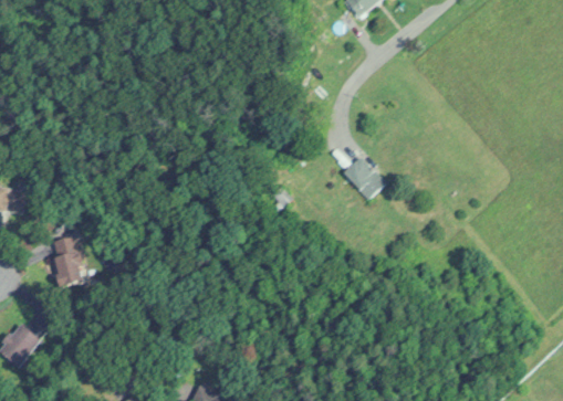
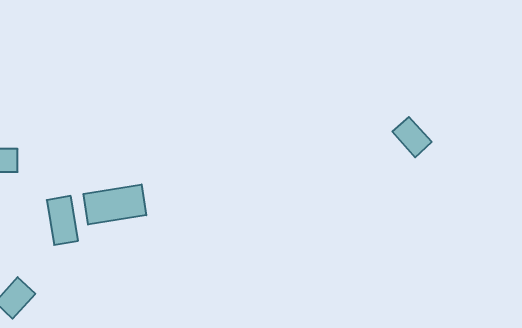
building: [344,156,386,199] -> [392,117,432,157]
building: none -> [83,184,146,225]

